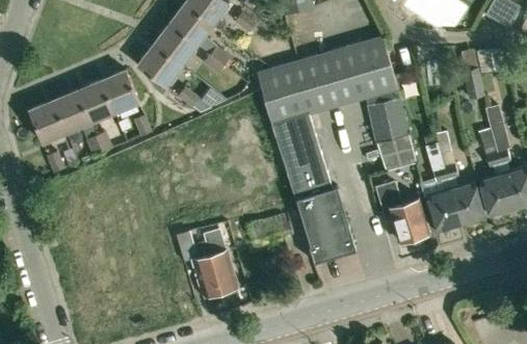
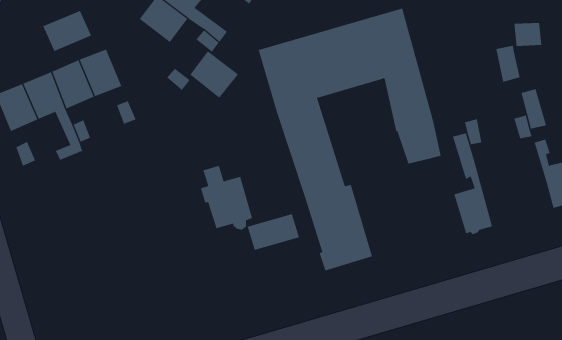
building: none -> [43,10,92,52]
building: [138,45,181,86] -> [190,50,239,98]
building: [478,152,512,216] -> none
building: [445,164,484,224] -> none
building: [377,183,428,242] -> none
building: [191,241,237,297] -> [200,165,253,230]

